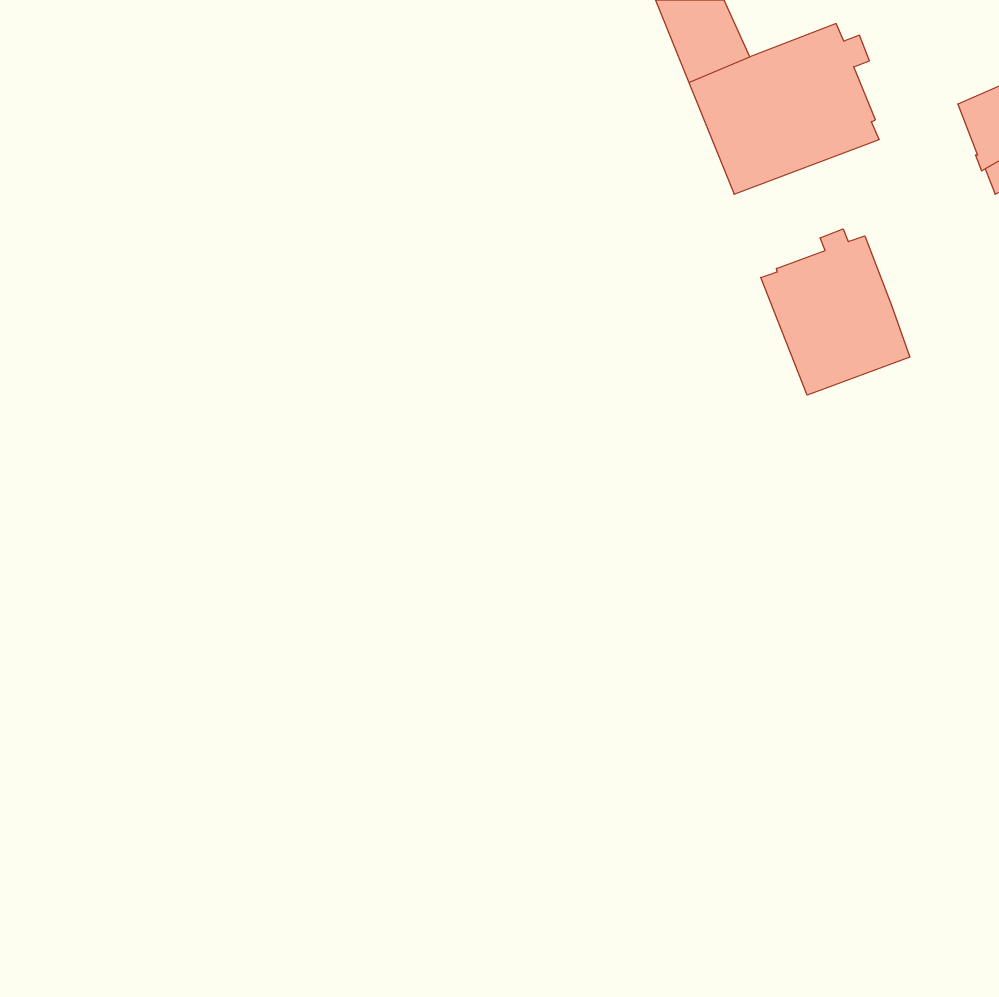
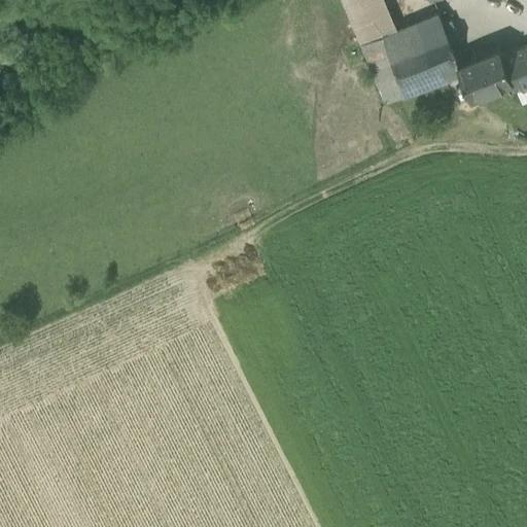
building: none -> [459,49,515,101]
building: [761,229,910,395] -> none

